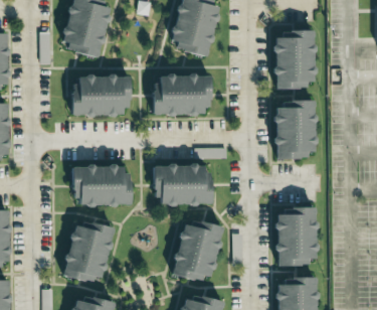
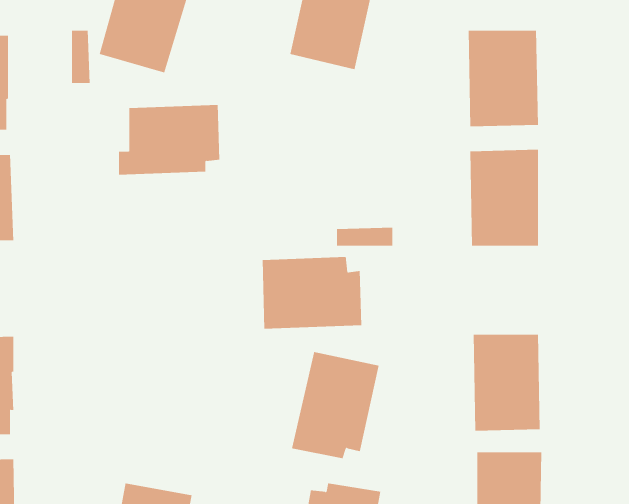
building: [155,74,212,116] -> none
building: [73,166,131,206] -> none
building: [63,220,115,285] -> none

